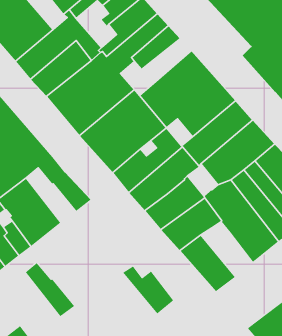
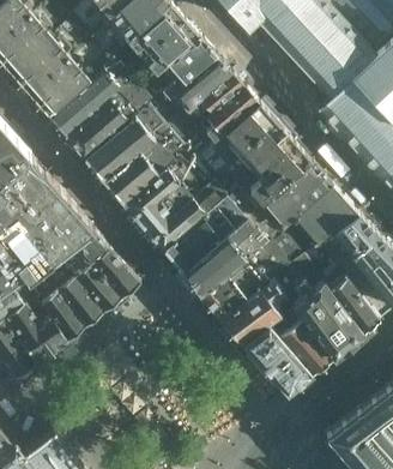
building: none -> [199,90,259,144]
building: [25,262,75,317] -> [61,245,121,311]
building: [122,265,174,314] -> [270,317,332,375]

